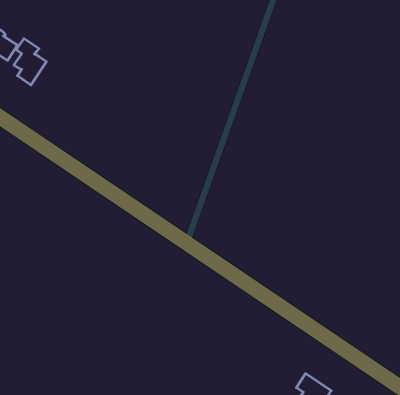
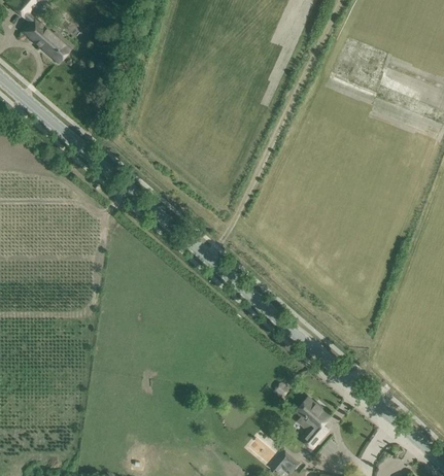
building: [14,39,46,85] -> none

